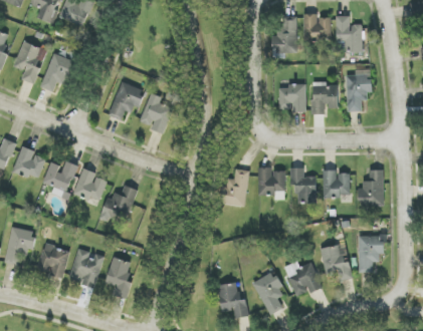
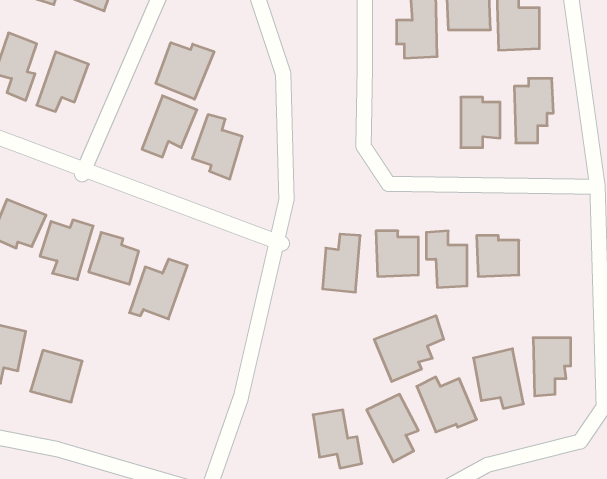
building: none -> [156,43,214,99]
building: [279,82,306,111] -> none
building: [360,170,384,205] -> none
building: none -> [374,316,444,382]
building: [70,248,103,287] -> none
building: [105,256,132,298] -> none

